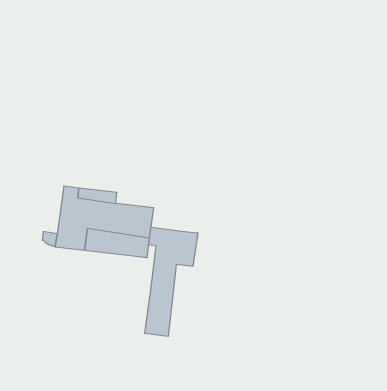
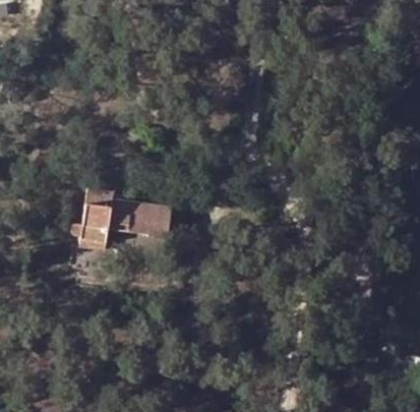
building: [145,227,198,336] -> none

